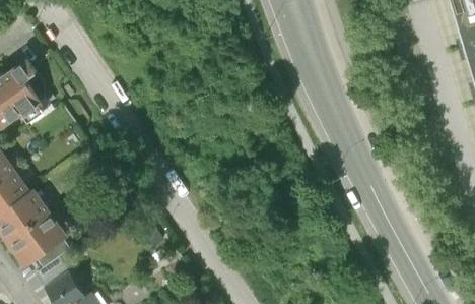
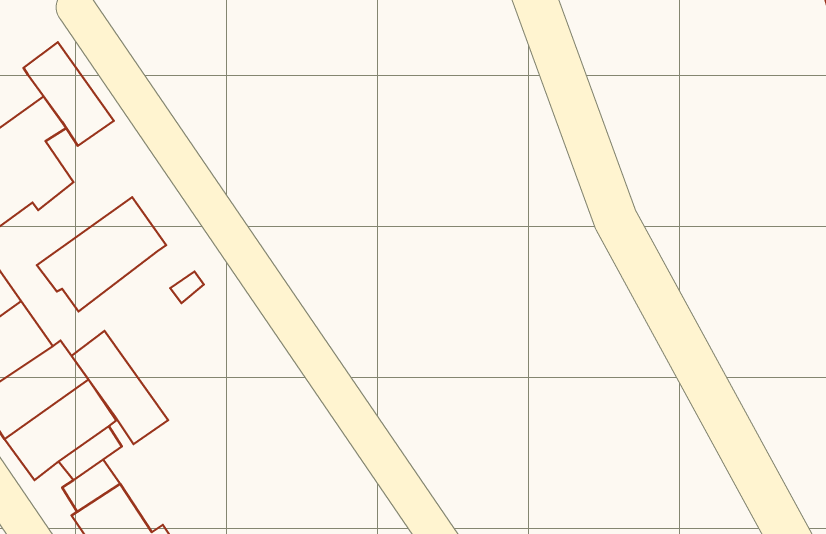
building: none -> [23,42,114,146]
building: none -> [37,197,166,312]
building: none -> [72,331,168,444]

